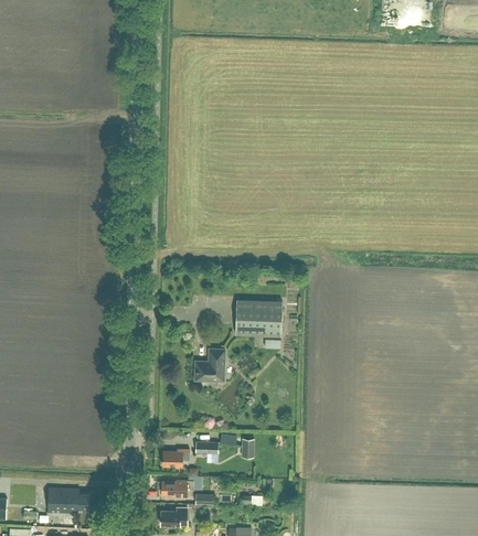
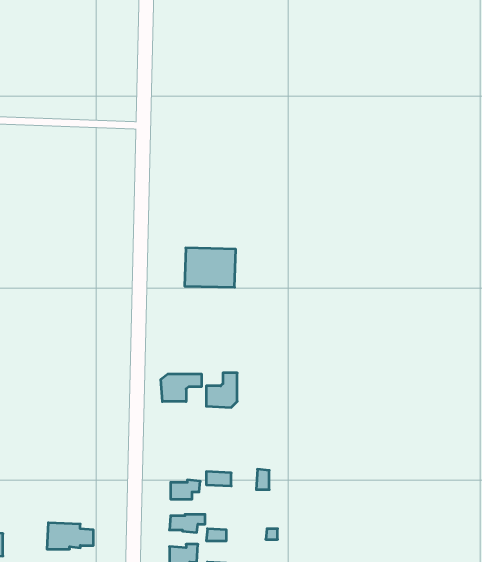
building: [234,299,282,335] -> [185,248,236,287]
building: none -> [161,374,201,402]

